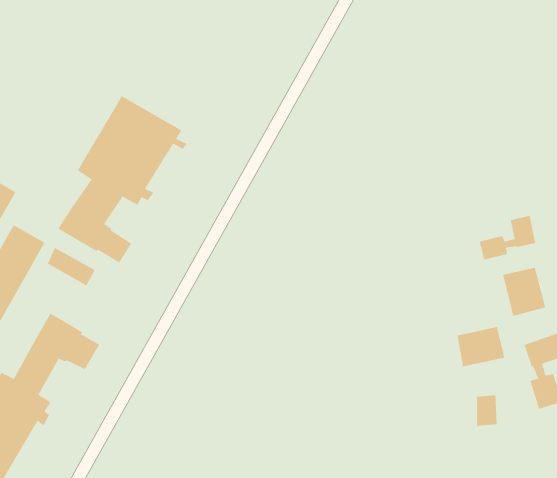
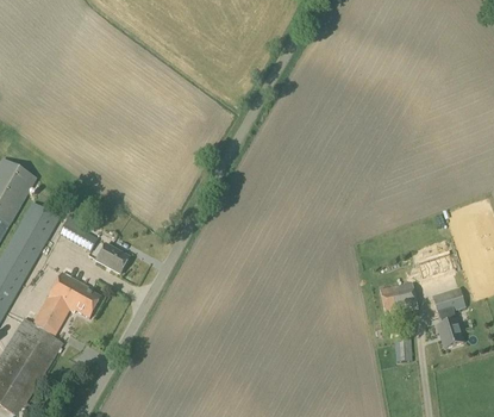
building: [57,95,188,264] -> none
building: [479,215,536,261] -> none
building: none -> [96,242,130,272]

